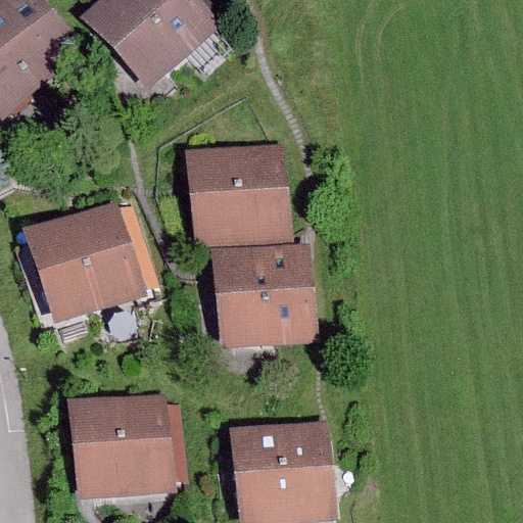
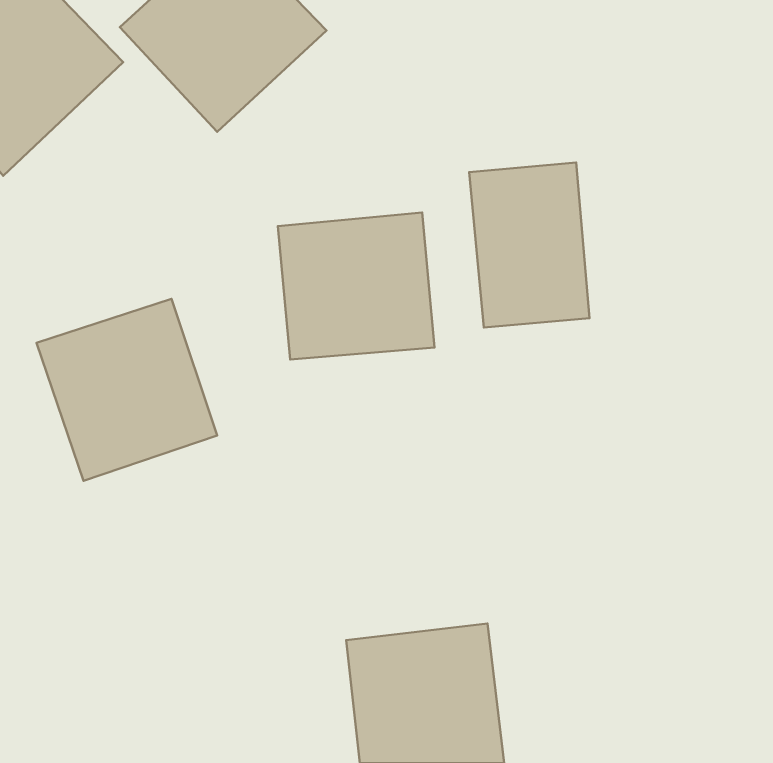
building: none -> [469,163,590,327]
building: [217,246,319,348] -> none
building: [67,394,174,497] -> none

